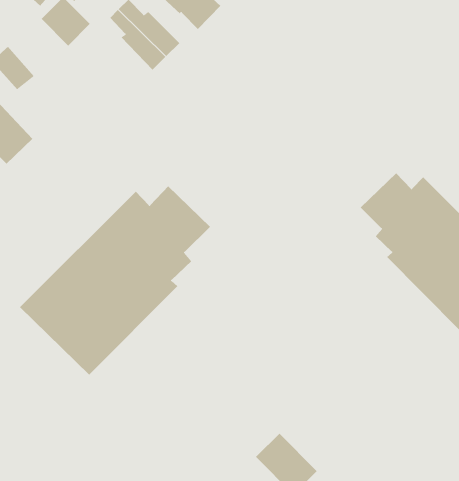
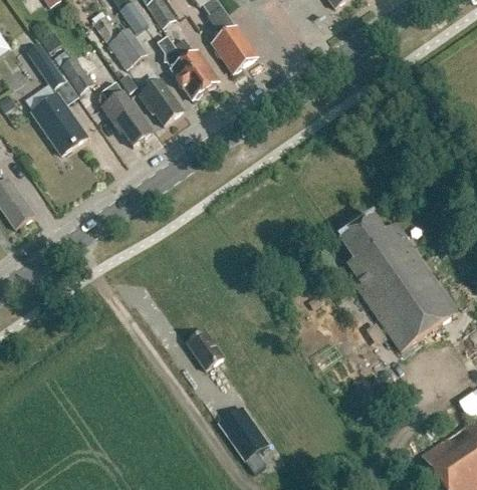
building: none -> [138,77,183,124]
building: none -> [100,86,151,145]
building: [19,186,211,375] -> none
building: none -> [186,328,223,369]

